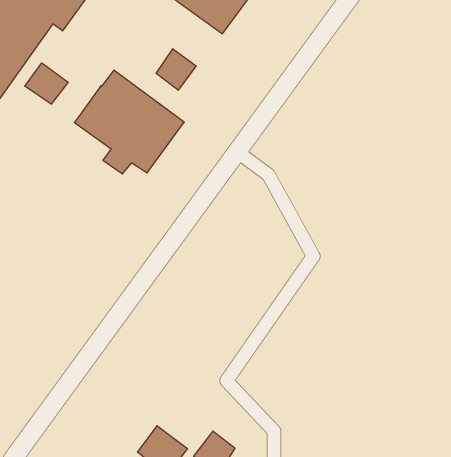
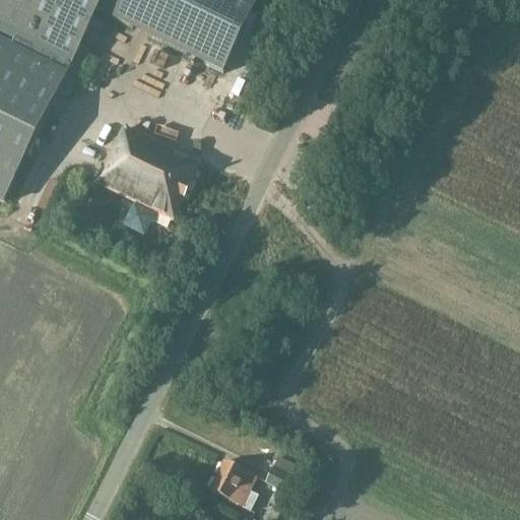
building: [156,49,196,90] -> none
building: [25,63,68,104] -> none

